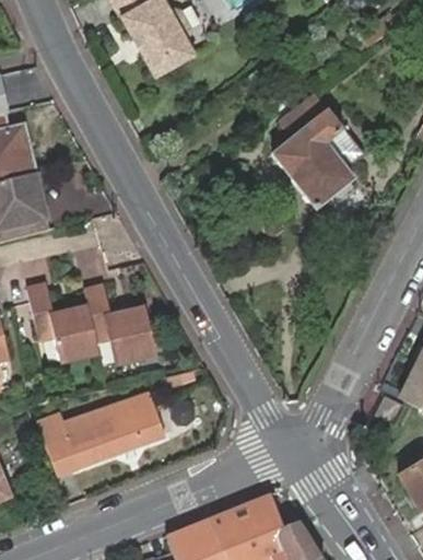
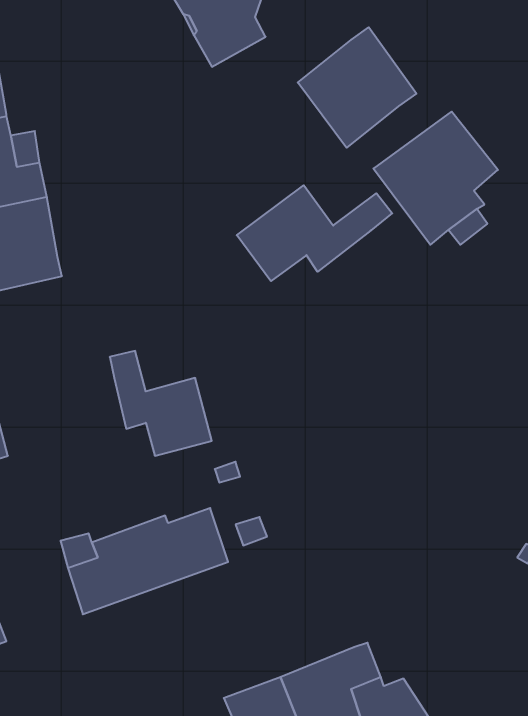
building: none -> [298,27,416,148]
building: none -> [237,185,392,281]
building: [21,287,96,363] -> none

